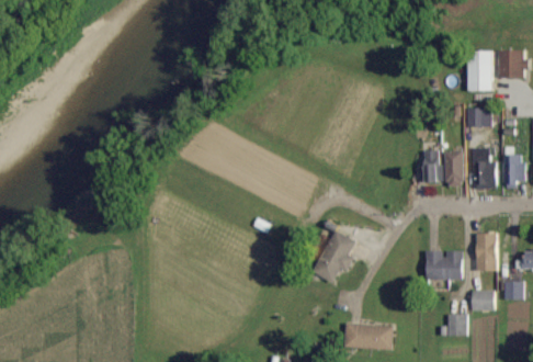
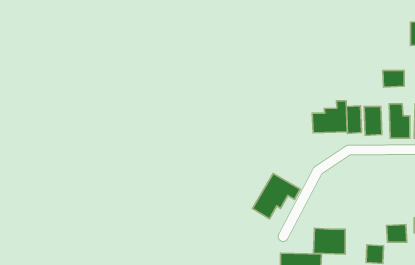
building: [467,50,491,91] -> none
building: none -> [312,101,347,133]
building: [475,233,496,271] -> none
building: [424,250,462,281] -> [314,228,345,254]

